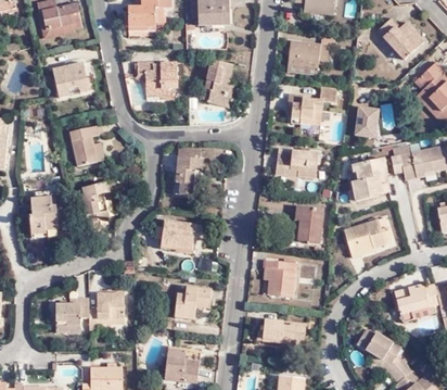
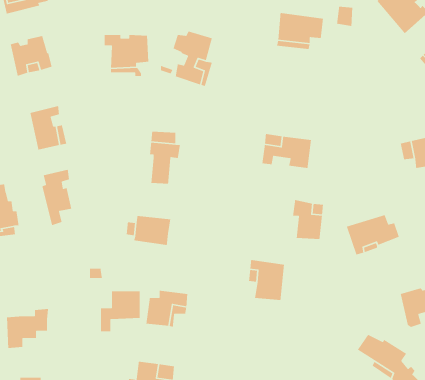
building: [288,86,339,124] -> none
building: [361,106,384,139] -> none
building: [354,156,395,200] -> none
building: [85,297,120,334] -> [100,290,140,332]
building: [256,318,305,344] -> none

